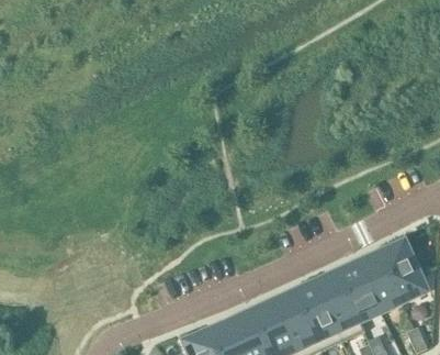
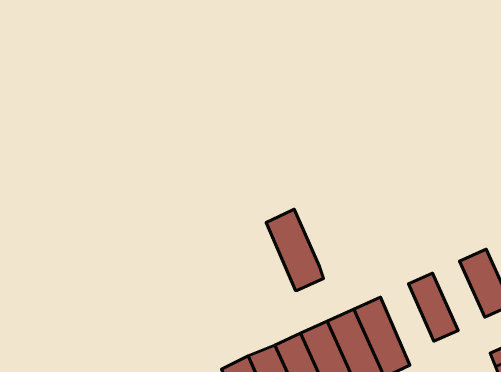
building: [358,251,400,308] -> none
building: [315,269,362,336] -> [266,209,324,291]

